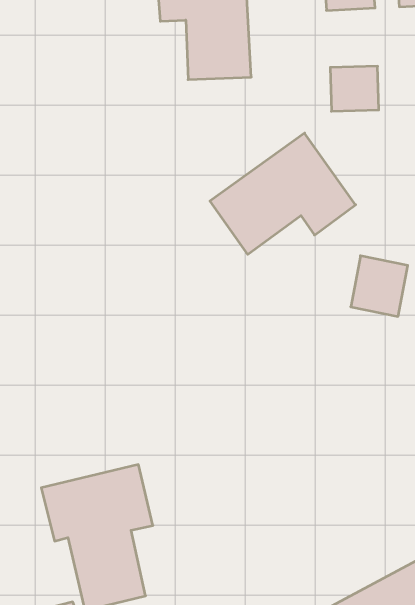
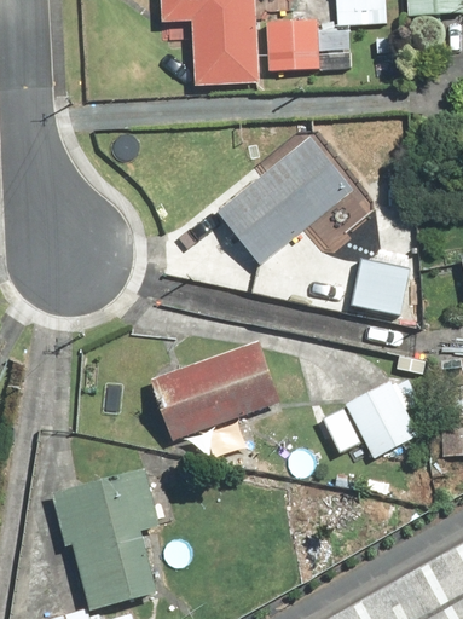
building: [330,66,379,111] -> [270,23,318,68]
building: none -> [150,341,284,444]
building: none -> [342,377,415,451]

